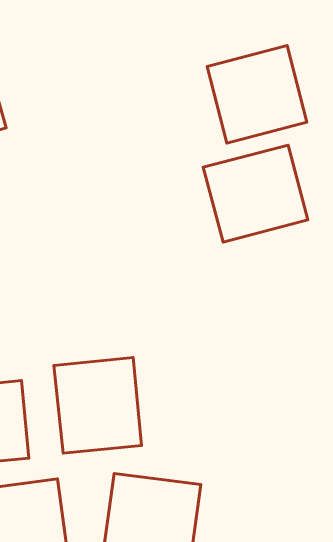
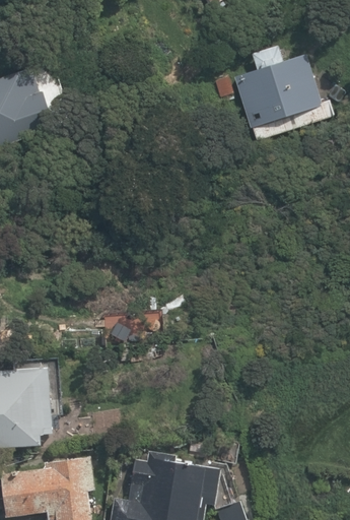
building: [203,145,308,242] -> none
building: [54,358,141,453] -> none

